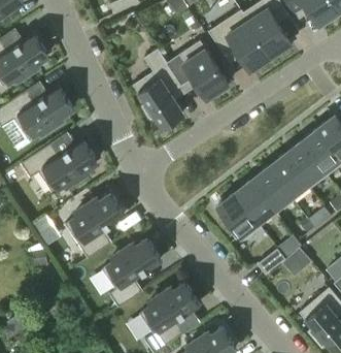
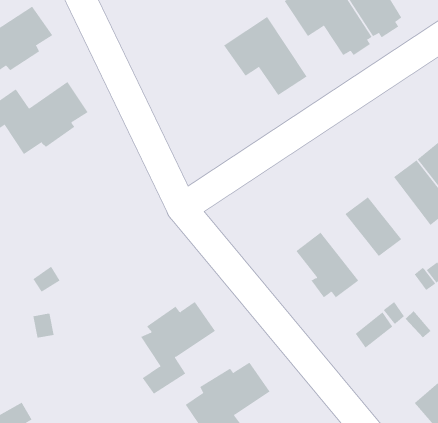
building: [133,50,182,129] -> none
building: [21,140,97,192] -> none
building: [267,155,310,198] -> none
building: [234,181,274,227] -> none
building: [65,194,124,258] -> none

